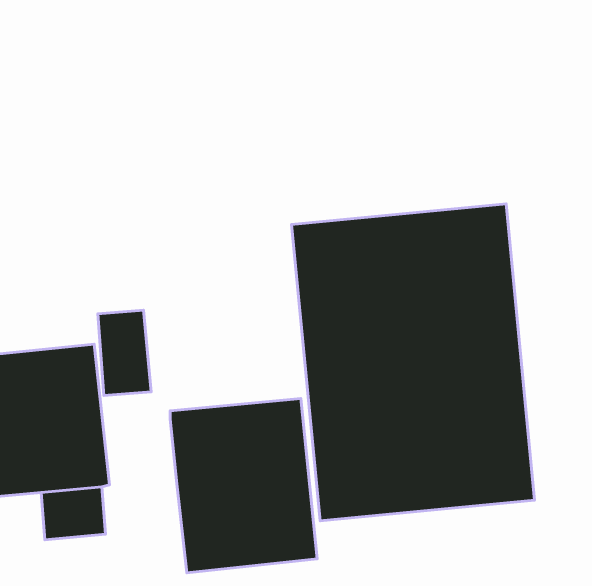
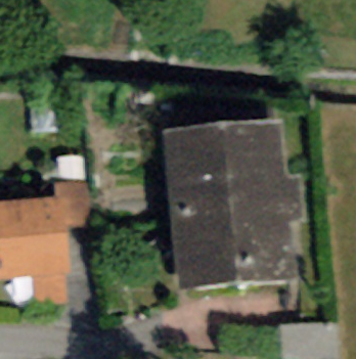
building: [170,398,317,573] -> none

